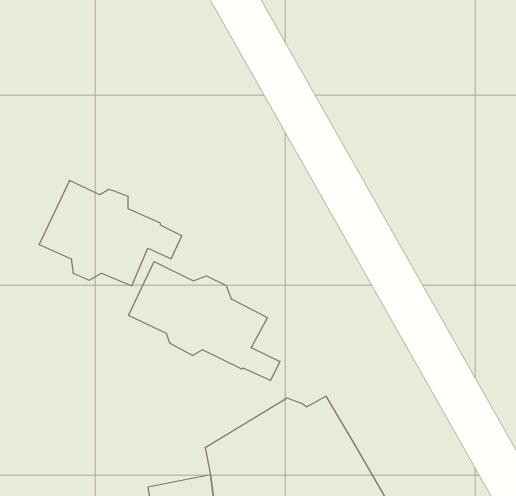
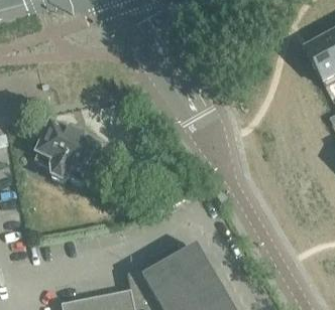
building: [129,262,280,381] -> none

